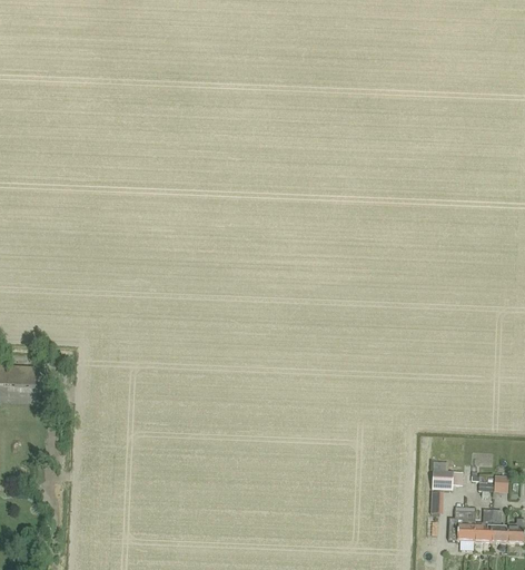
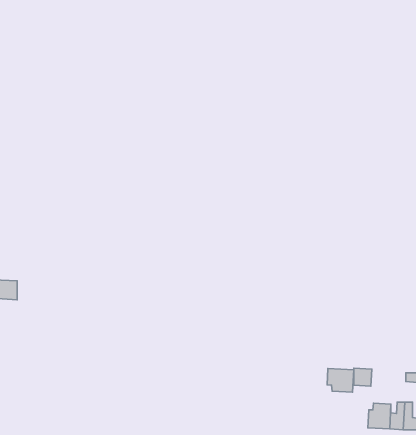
building: none -> [327,369,354,392]

